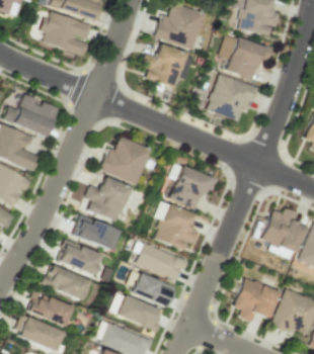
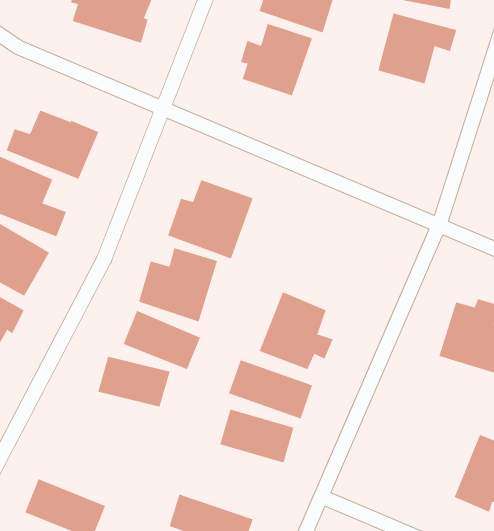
building: [208,74,257,119] -> none
building: [168,163,218,208] -> none
building: [43,264,90,300] -> none
building: [234,277,281,322] -> none
building: [26,291,73,327] -> none
building: [116,295,164,331] -> none

